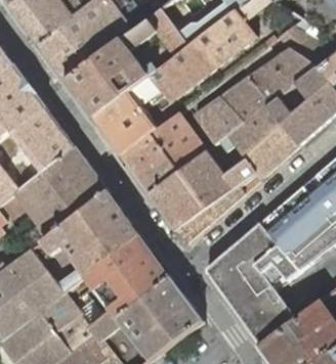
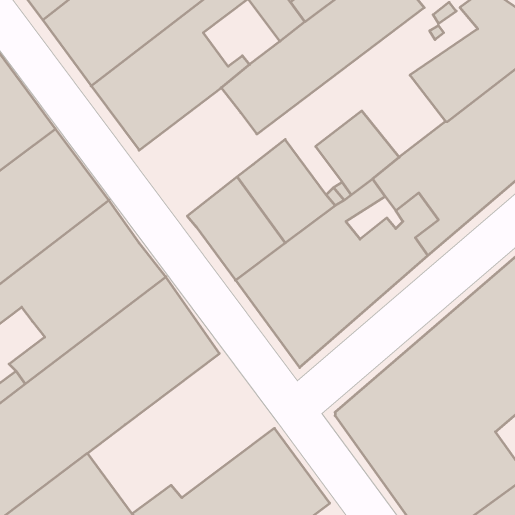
building: [221,77,269,124] -> none
building: [93,84,159,157] -> none
building: [85,236,171,319] -> none

